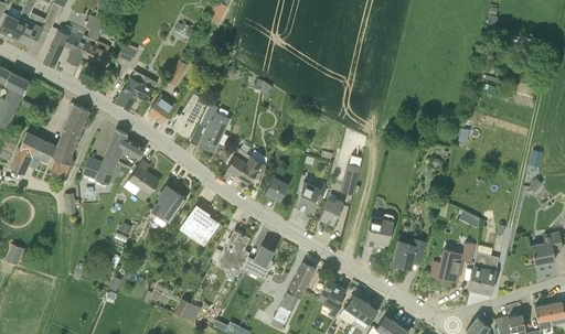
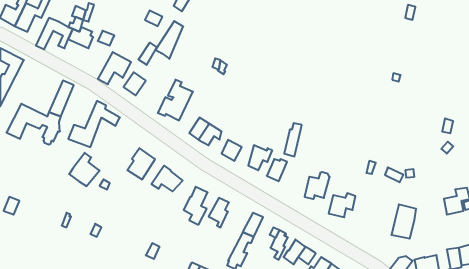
building: [171,93,204,138] -> [156,21,183,59]
building: [122,160,159,200] -> [69,153,100,186]
building: [430,243,473,281] -> none

